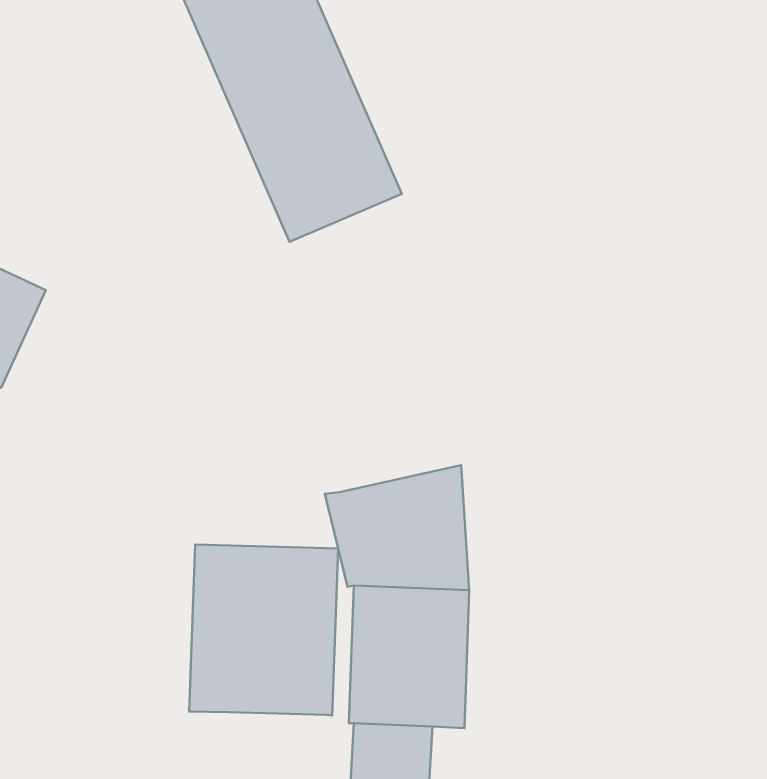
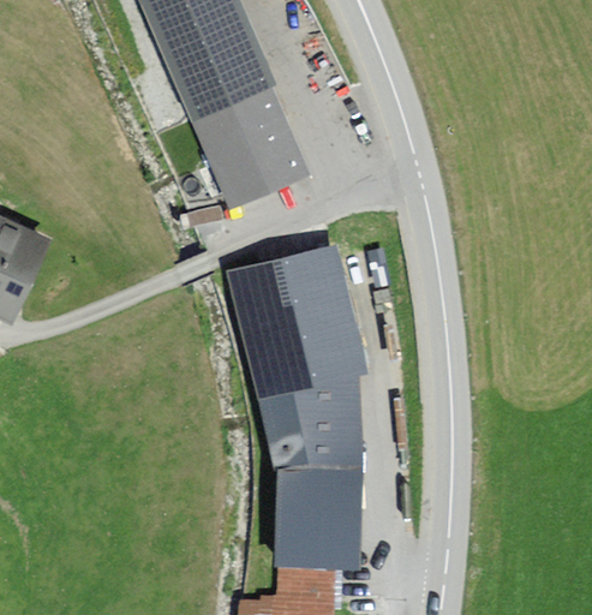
building: none -> [238,249,357,394]
building: [189,544,338,715] -> none

